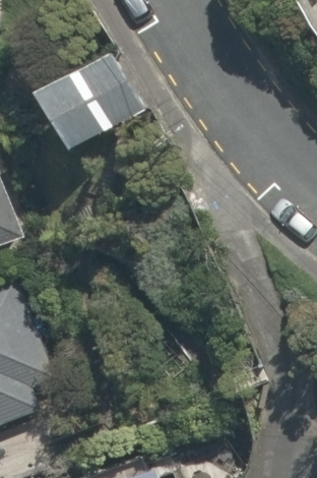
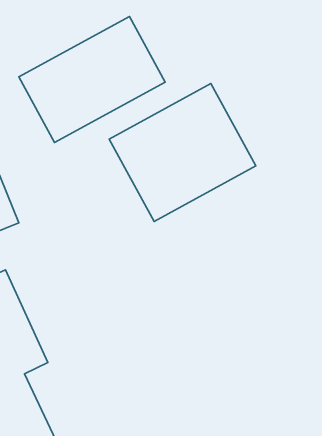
building: none -> [109,84,256,221]

